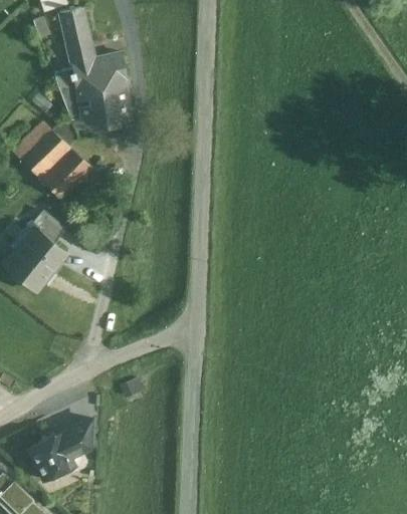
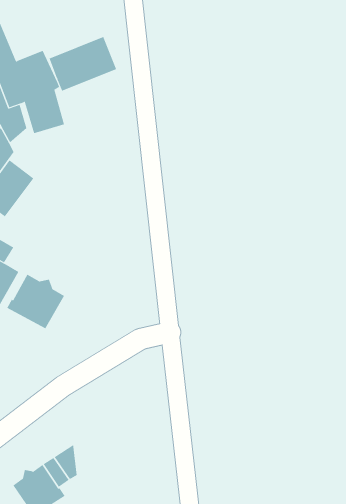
building: none -> [49,36,117,91]
building: none -> [7,274,65,329]

